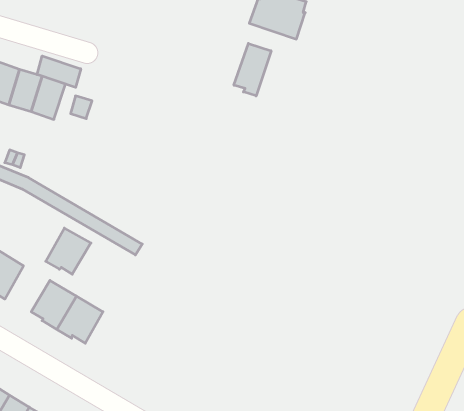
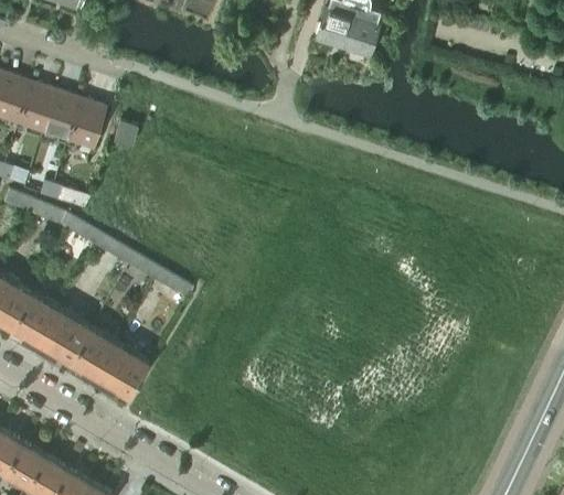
building: [234,43,271,96] -> none
building: [37,56,81,87] -> none
building: [46,228,91,274] -> [40,310,91,362]

